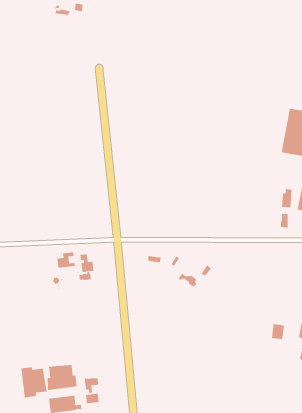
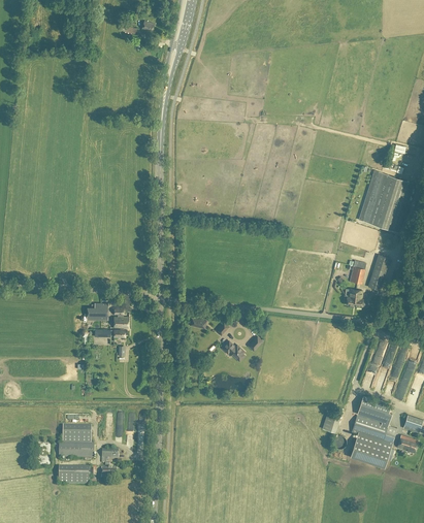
building: [21,367,47,398] -> none

